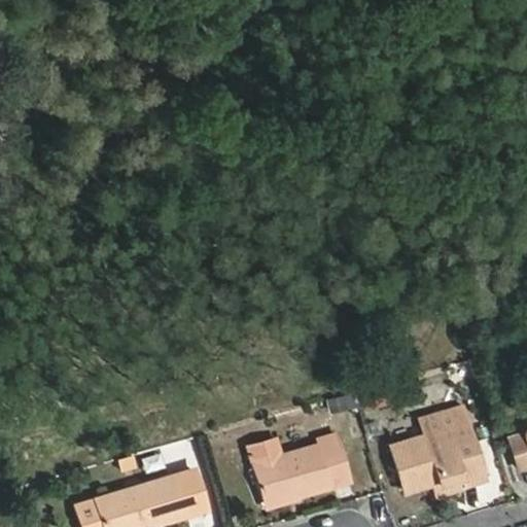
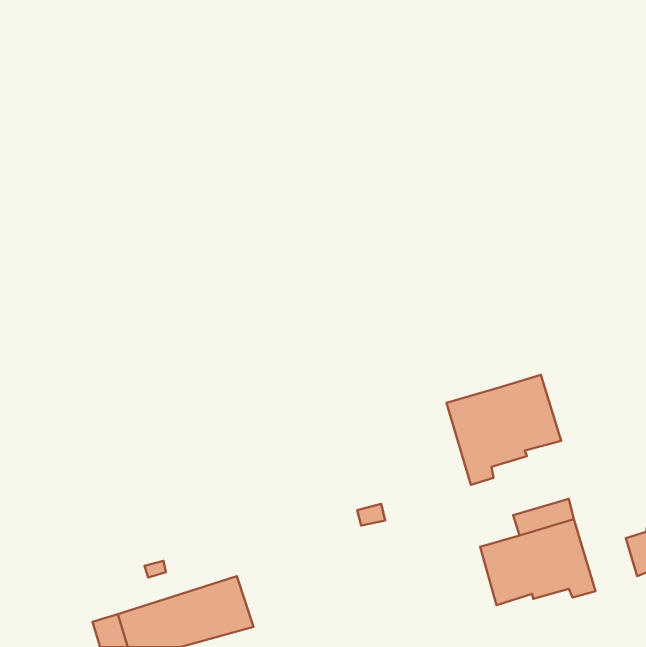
building: none -> [447,375,561,485]
building: [252,434,350,501] -> none

